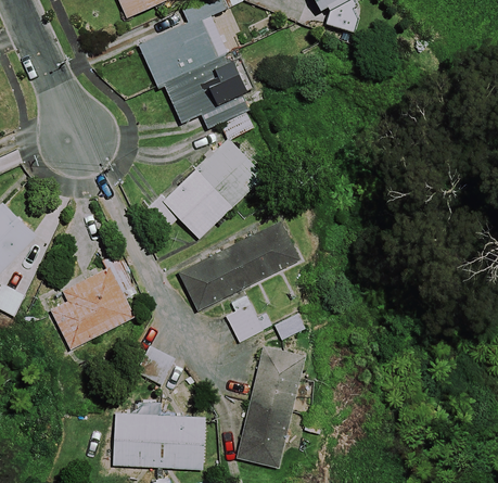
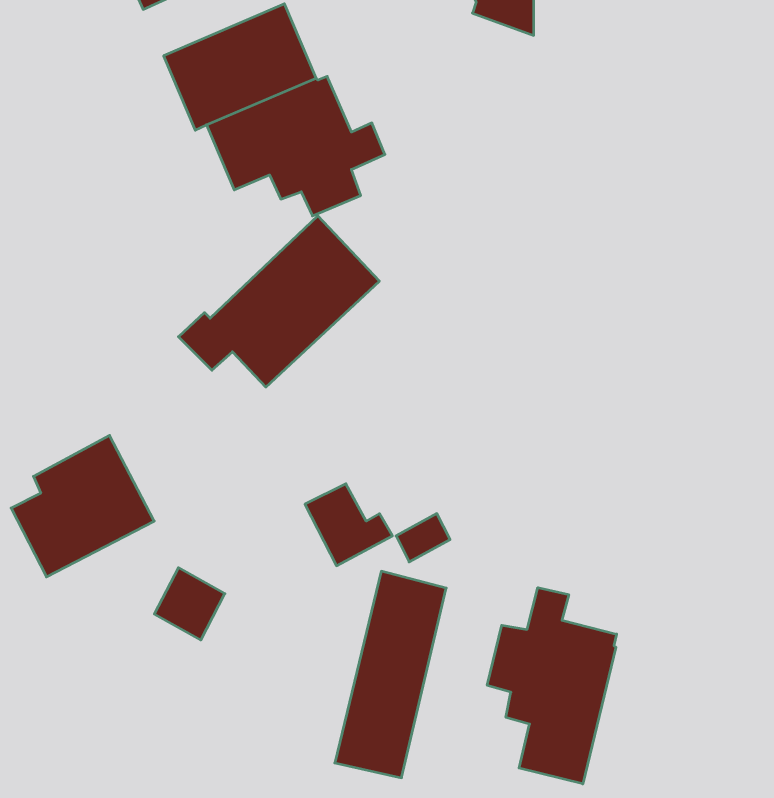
building: [179,226,290,308] -> none
building: none -> [487,588,617,784]
building: [113,411,205,468] -> none

